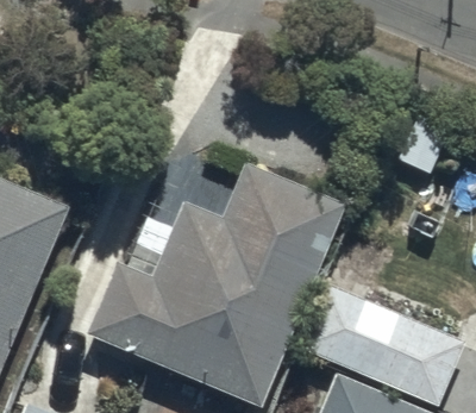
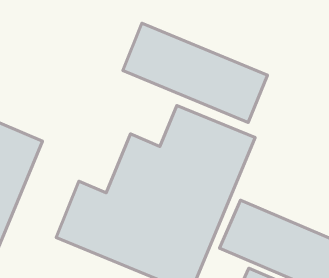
building: none -> [123,23,267,122]

